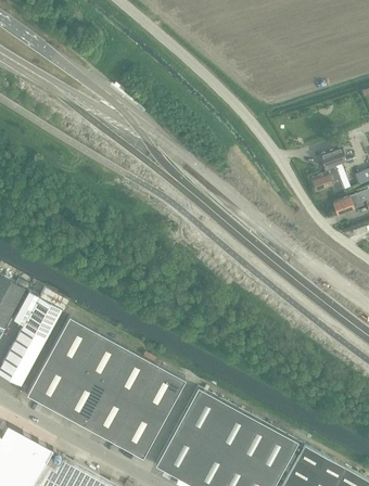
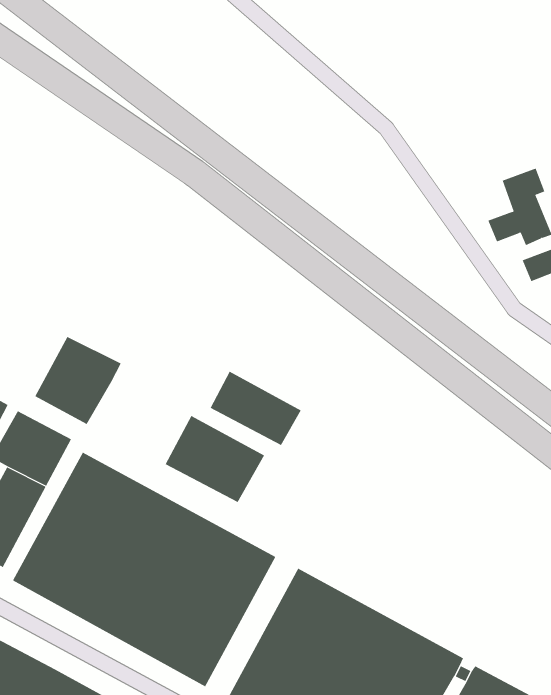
building: none -> [34,336,122,425]
building: none -> [210,371,302,446]
building: none -> [165,415,265,503]

